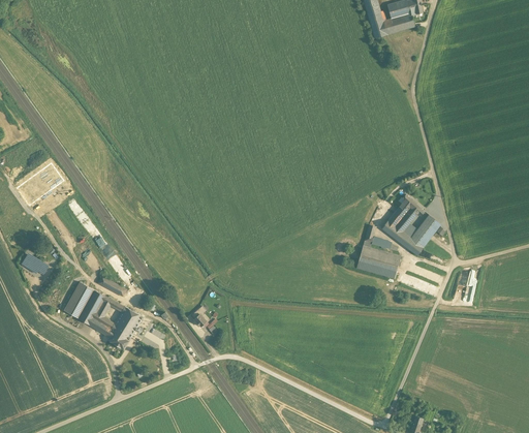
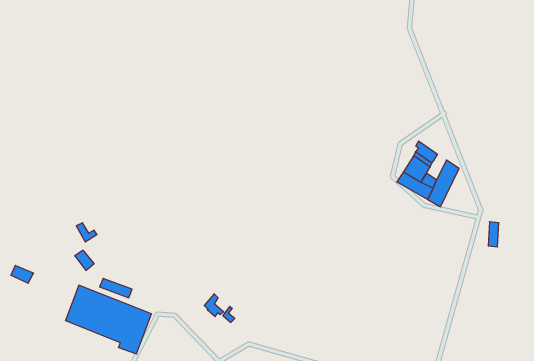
building: [356,225,400,278] -> none

